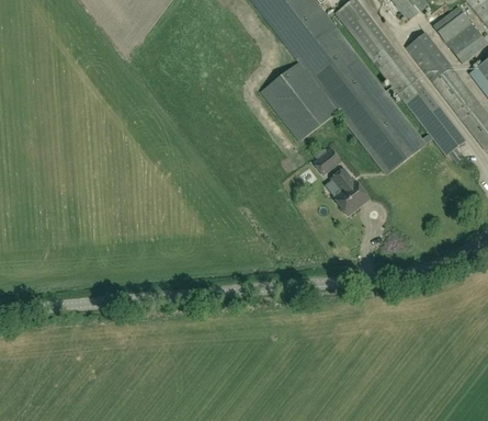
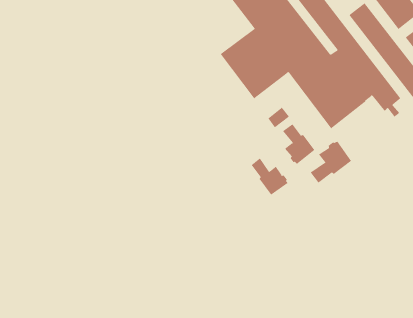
building: none -> [310,141,352,183]
building: none -> [251,158,288,195]

